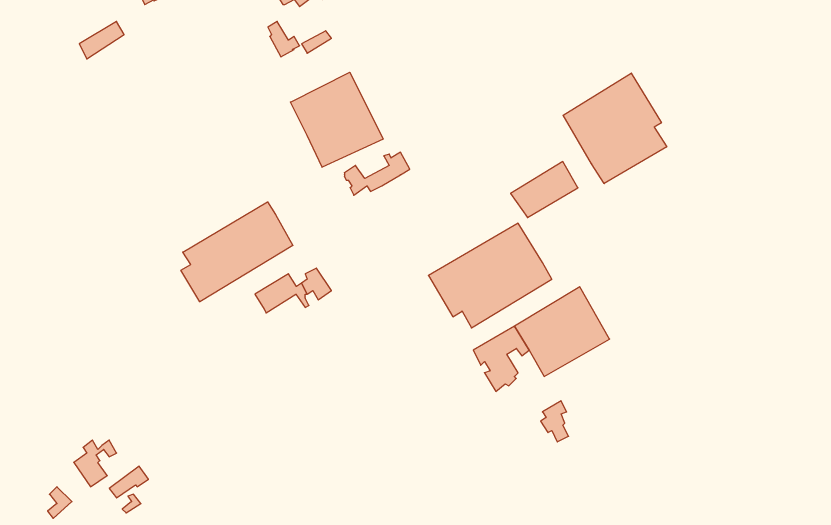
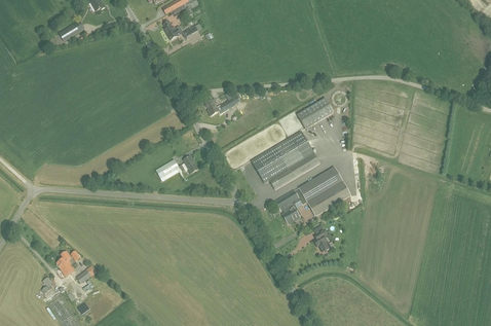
building: [290,72,383,167] -> none
building: [563,73,667,184] -> none
building: [181,202,293,302] -> none

